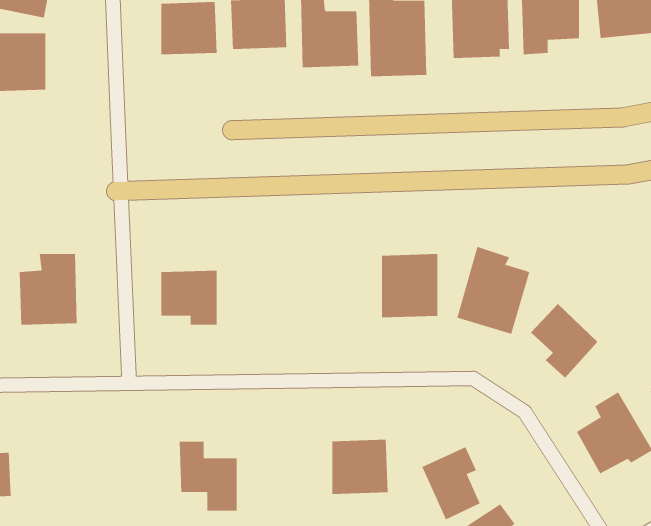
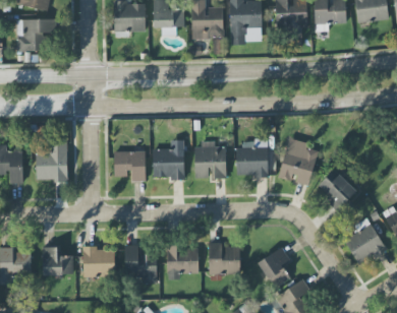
building: none -> [153,140,184,178]
building: none -> [194,141,227,179]
building: none -> [167,246,198,279]
building: none -> [42,247,73,274]
building: none -> [82,248,115,276]

